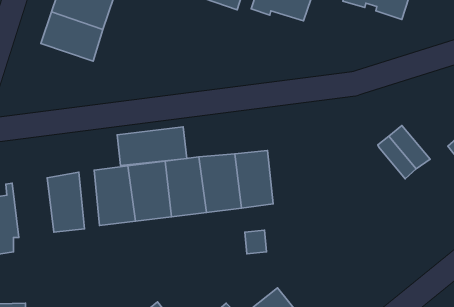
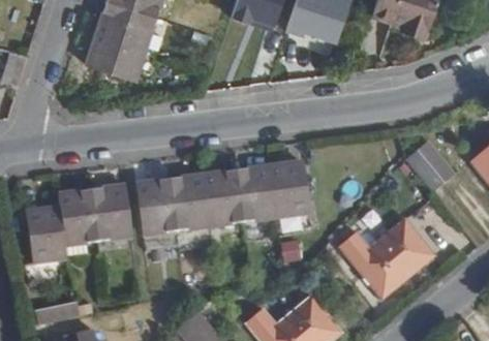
building: [117,127,187,166] -> none
building: none -> [60,189,99,246]
building: none -> [340,218,434,297]

